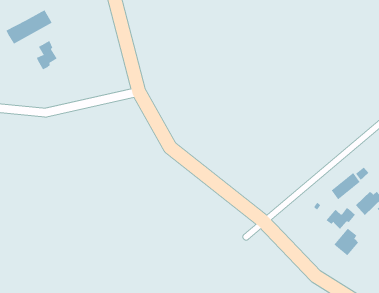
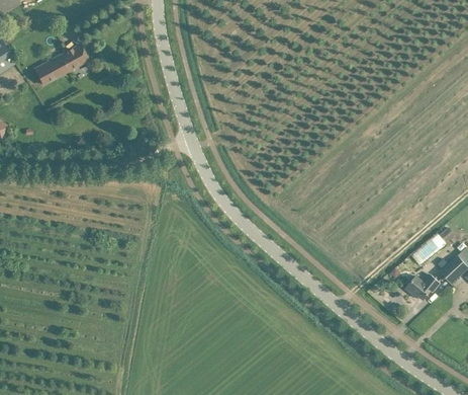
building: [36,40,58,70] -> none
building: [333,228,359,256] -> none

